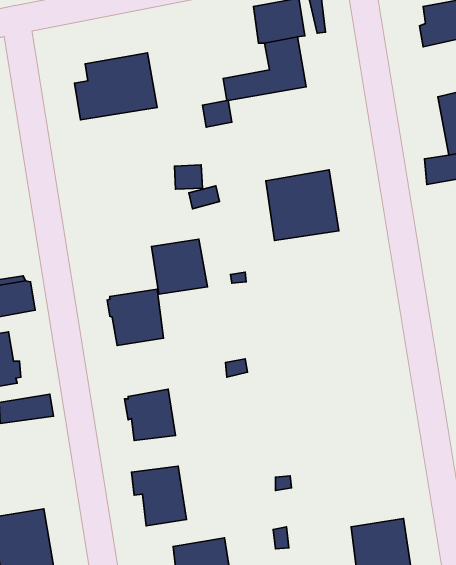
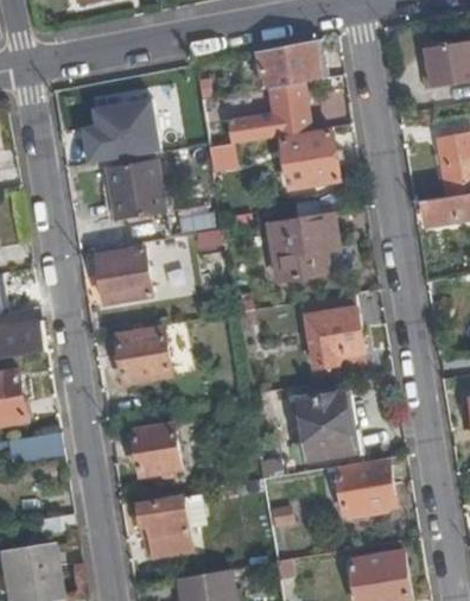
building: none -> [281,132,337,189]
building: none -> [102,158,160,220]
building: [151,239,207,294] -> [96,248,151,302]
building: none -> [303,293,361,367]
building: none -> [296,392,355,458]
building: none -> [339,462,394,513]

